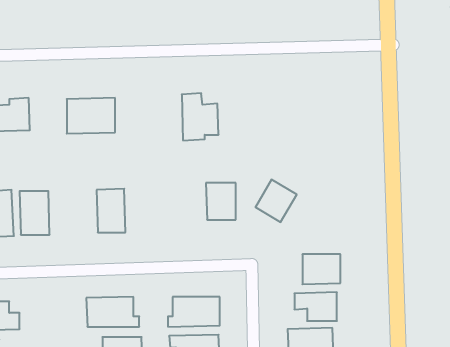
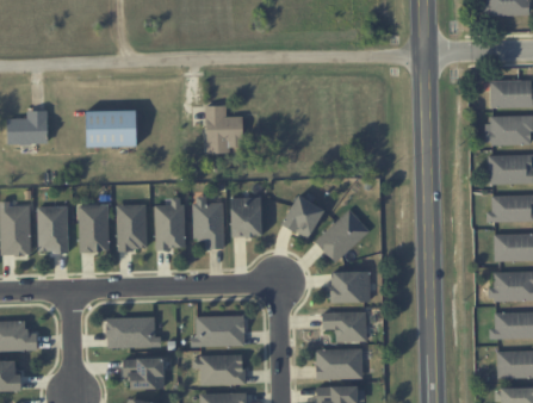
building: none -> [193,196,223,249]
building: none -> [154,197,185,249]
building: none -> [79,205,109,252]
building: none -> [315,209,370,262]

